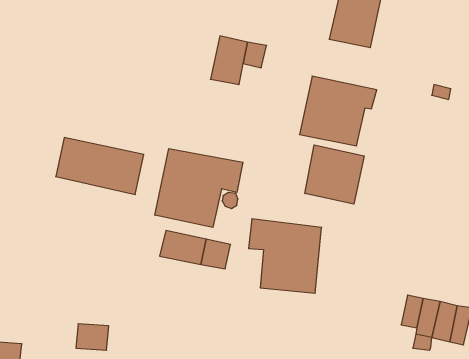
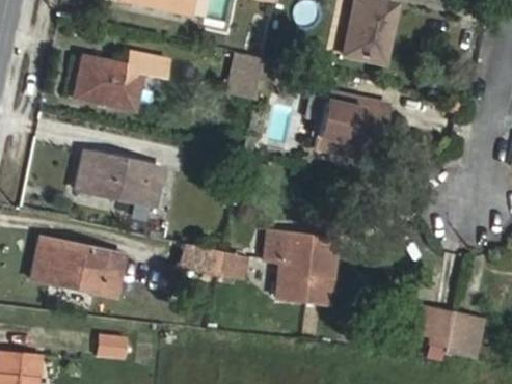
building: none -> [74,50,169,110]
building: [305,145,364,204] -> none
building: [155,149,243,227] -> none
building: none -> [30,237,125,297]

